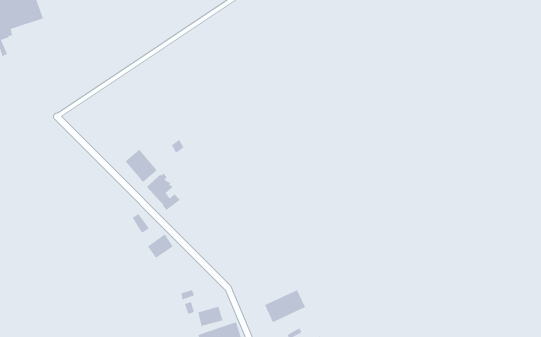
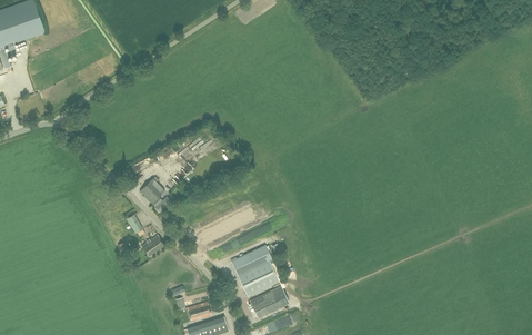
building: [125,149,157,183] -> none
building: none -> [230,246,278,295]

